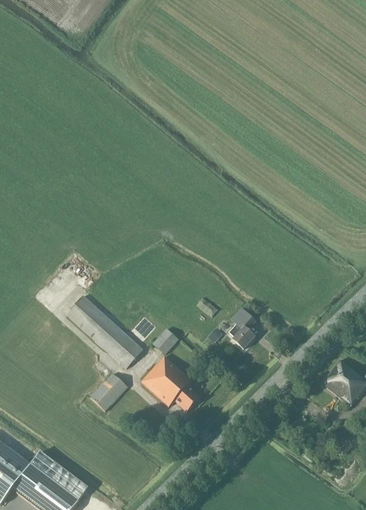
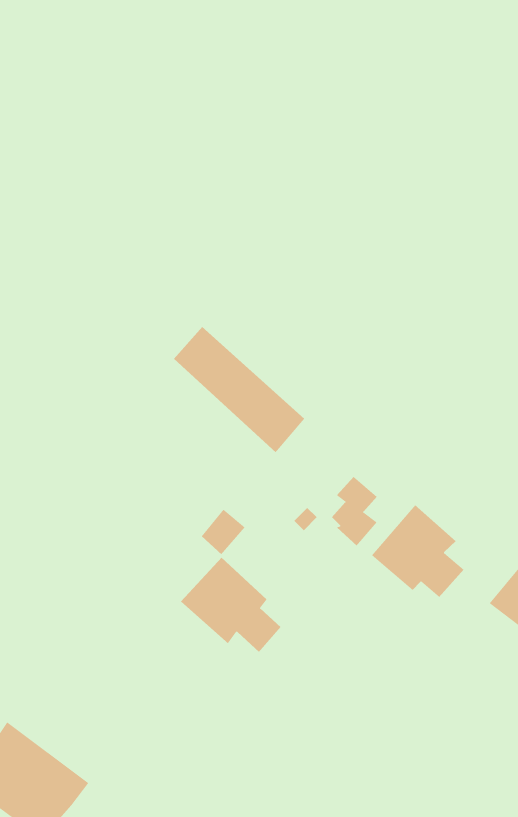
building: [66,295,143,369] -> [173,326,305,453]
building: none -> [371,504,464,598]
building: [90,367,128,412] -> none

